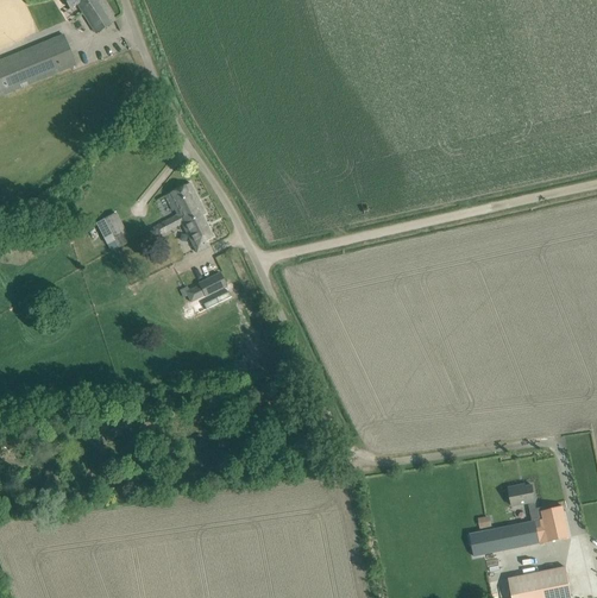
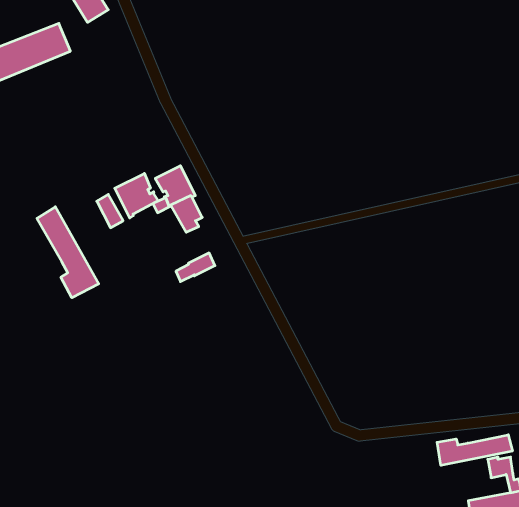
building: none -> [115,173,158,218]
building: none -> [37,207,99,298]
building: none -> [437,435,512,465]

